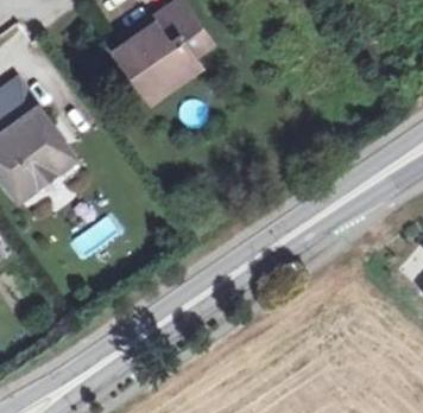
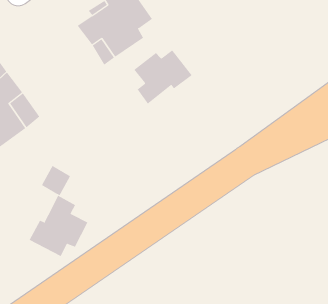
building: none -> [134,49,193,104]
building: none -> [29,195,88,257]

